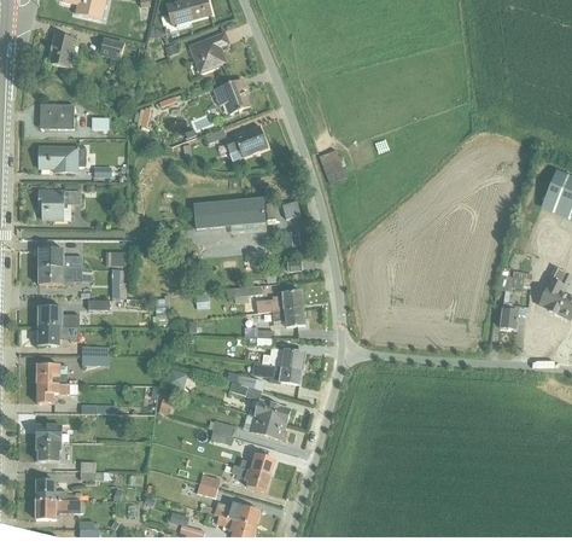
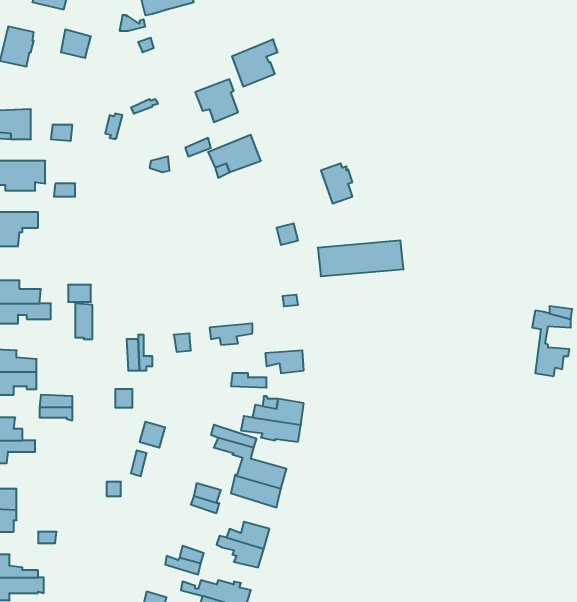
building: [188,31,227,71] -> [232,39,278,87]
building: [193,197,265,227] -> [318,241,404,276]
building: [256,290,303,312] -> none

